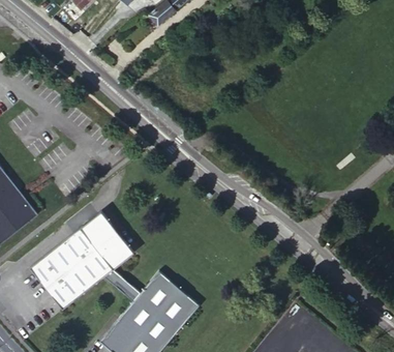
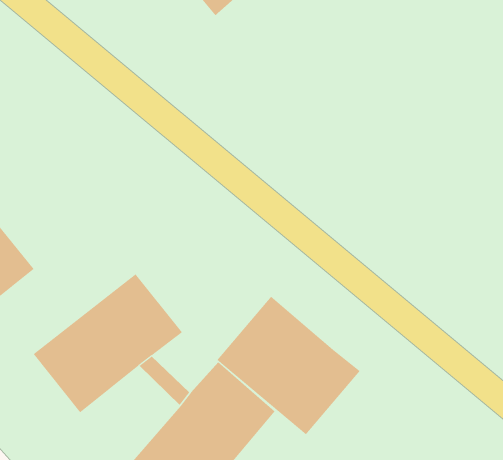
building: none -> [217,296,360,435]

